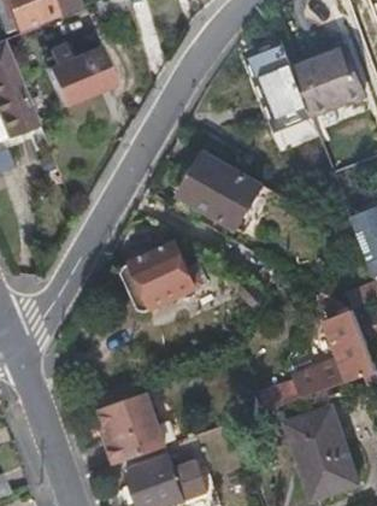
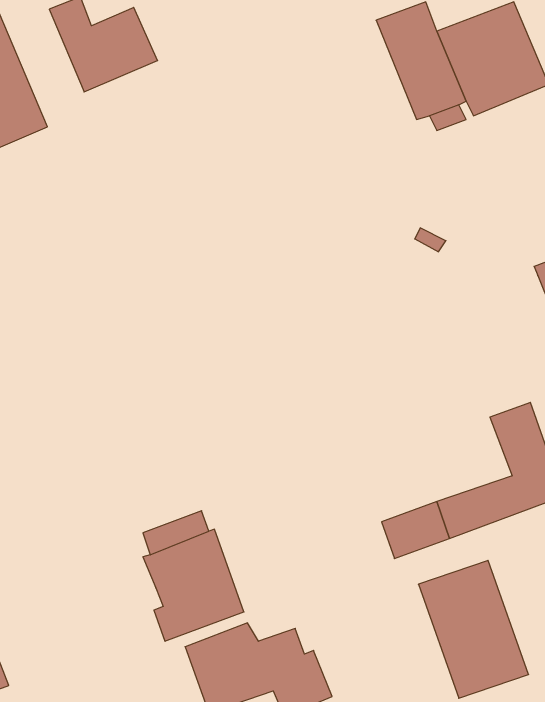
building: [181,153,248,222] -> none
building: [117,246,198,318] -> none

